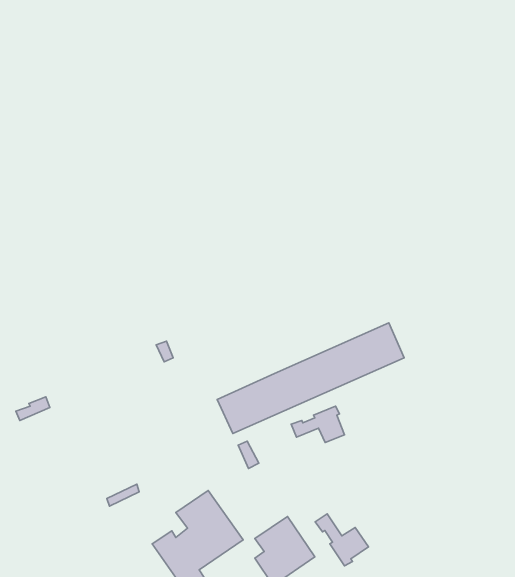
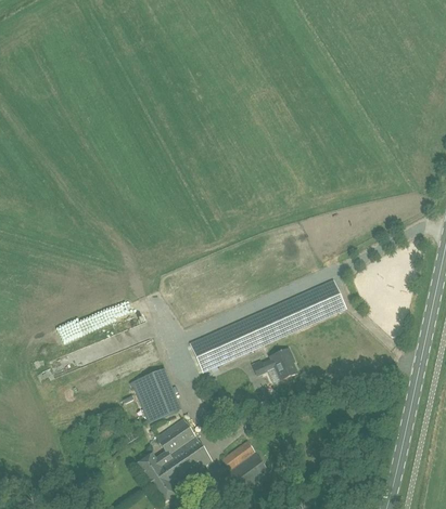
building: none -> [131,369,180,422]
building: [315,514,368,566] -> none

